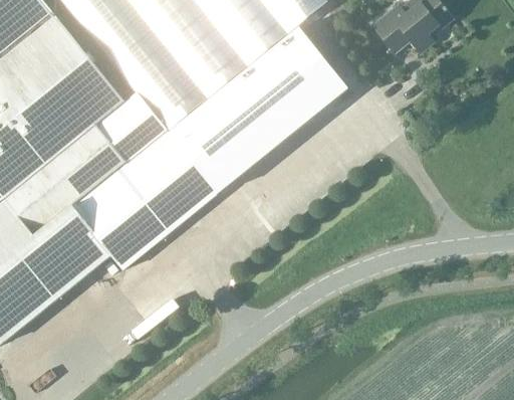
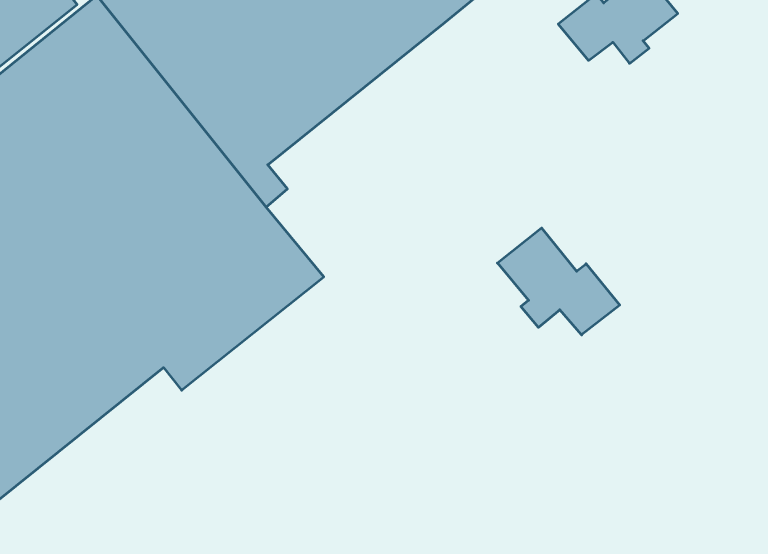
building: [180,23,350,194] -> none
building: none -> [497,228,620,335]

